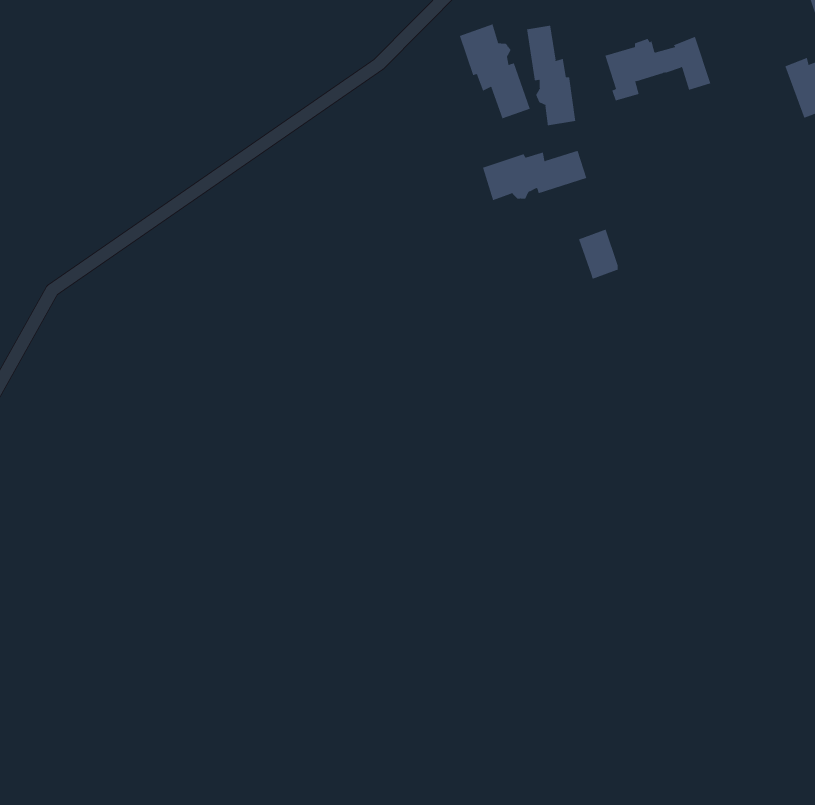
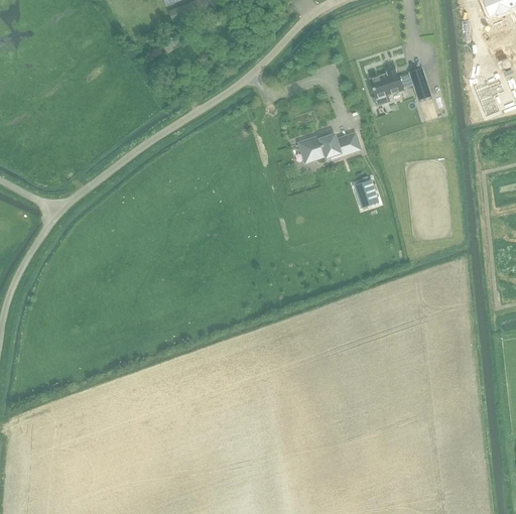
building: [459,24,530,119] -> none
building: [527,25,576,126] -> none

